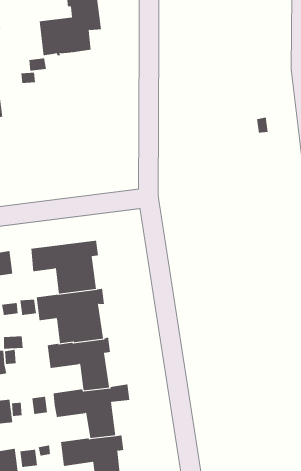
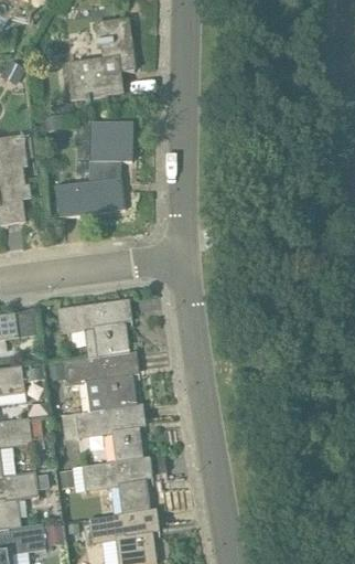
building: none -> [55,124,132,217]

